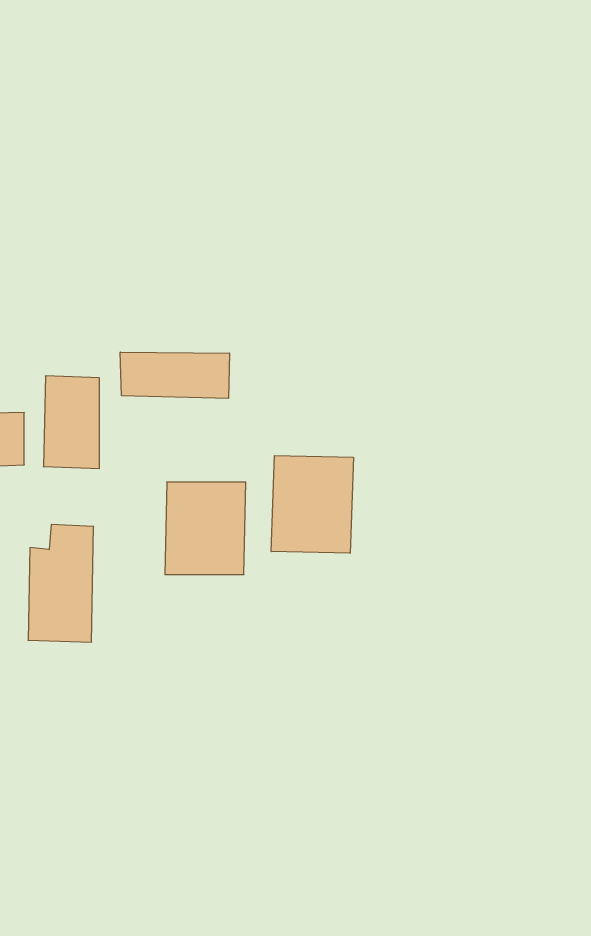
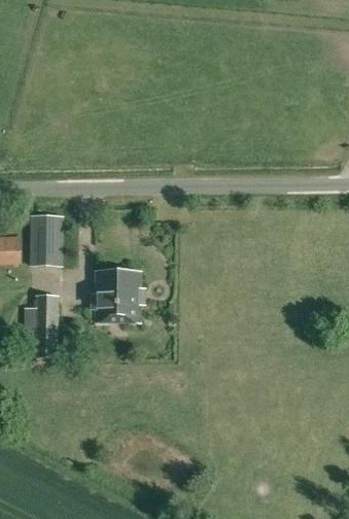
building: [120,352,229,398] -> none
building: [271,456,353,553] -> none

